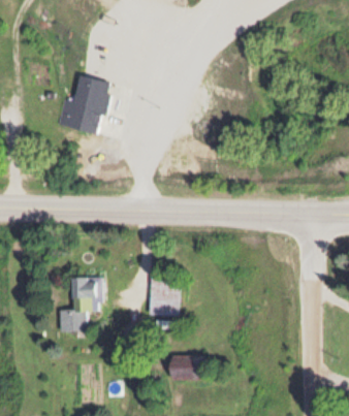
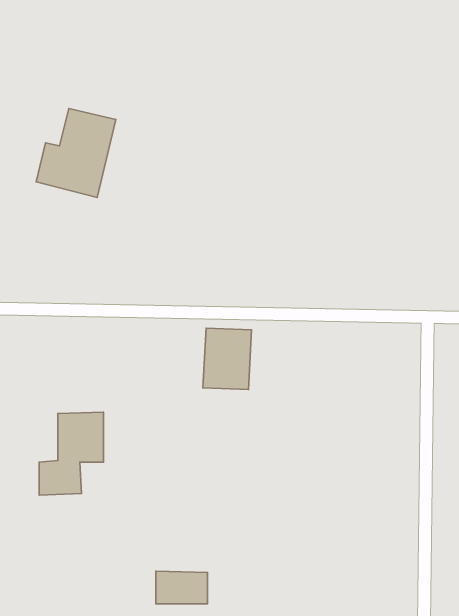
building: [148,276,180,316] -> [203,328,252,389]
building: [169,355,203,377] -> [156,571,208,604]

